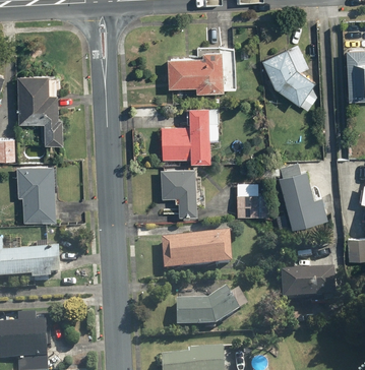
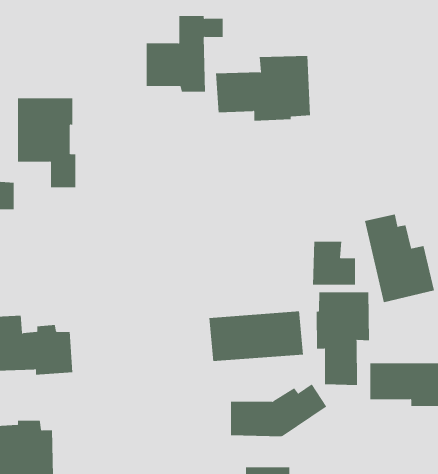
building: [260,44,318,115] -> none
building: [164,107,222,164] -> [146,16,224,92]
building: [16,166,54,222] -> none
building: [160,170,205,217] -> none
building: none -> [316,292,370,386]

